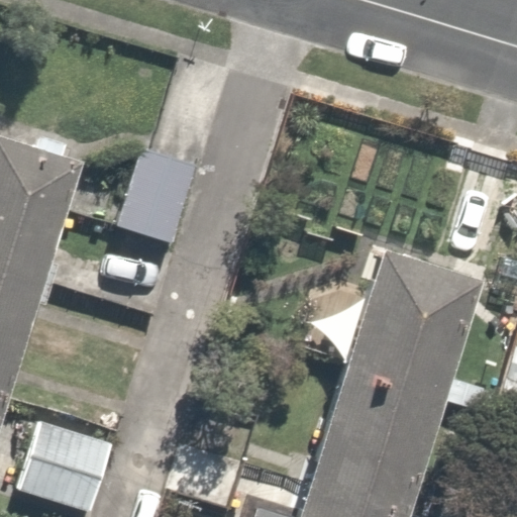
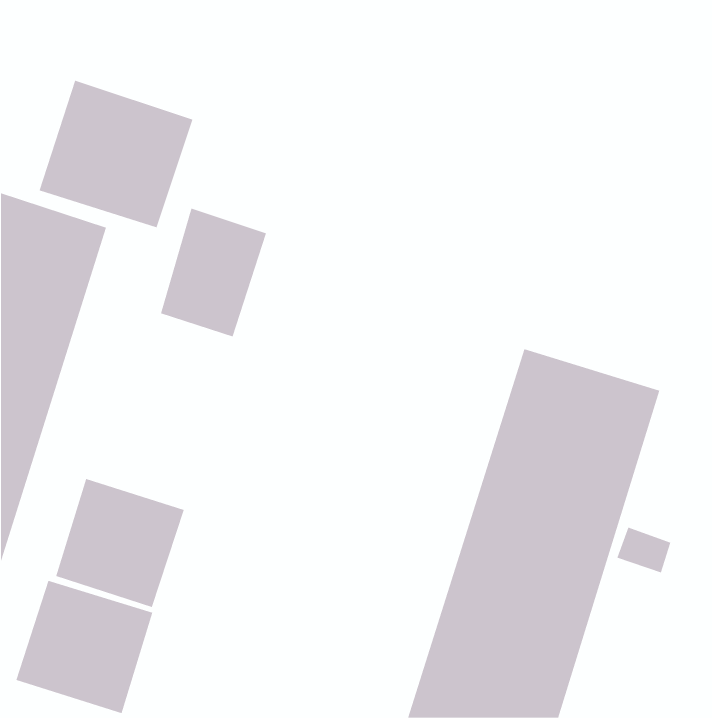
building: none -> [39,80,193,228]
building: none -> [56,478,184,608]

